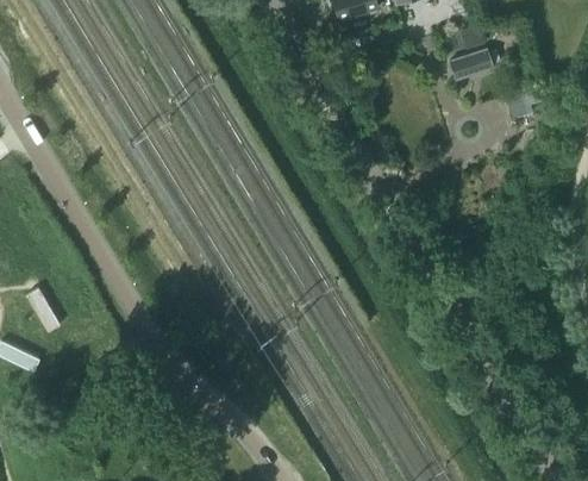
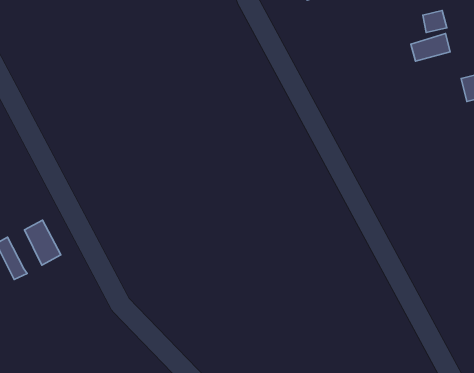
building: none -> [25,220,61,265]

